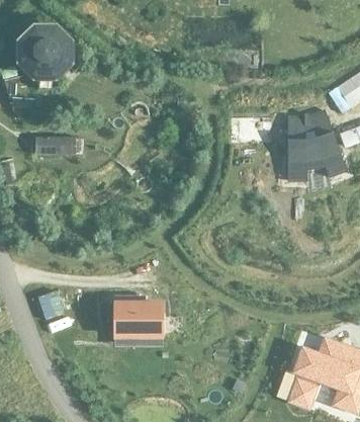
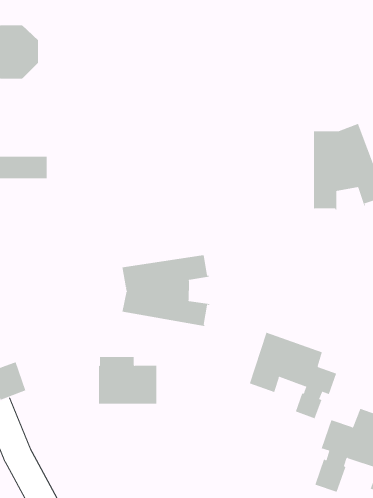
building: none -> [122,254,210,327]
building: none -> [249,332,337,419]

